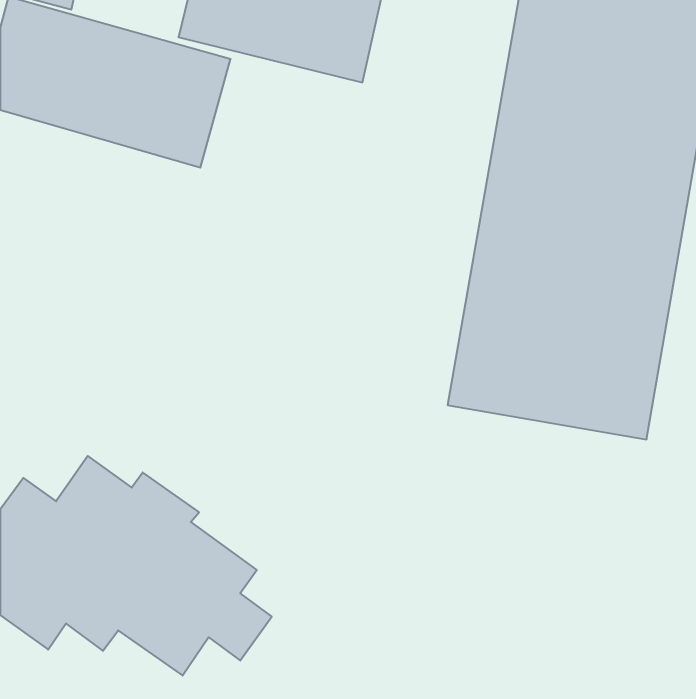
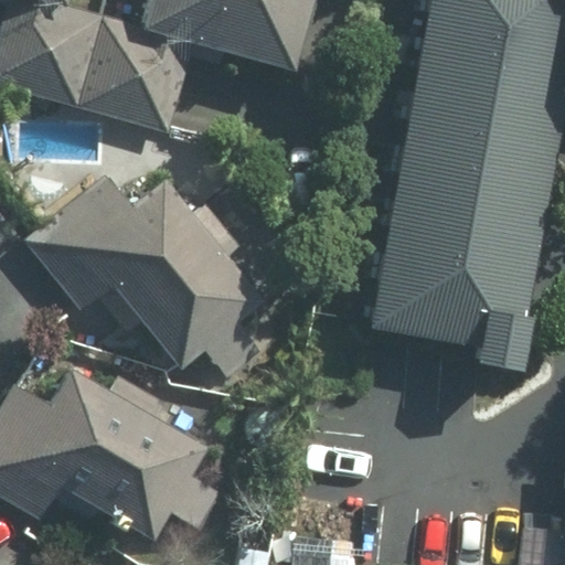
building: none -> [28,174,262,371]

